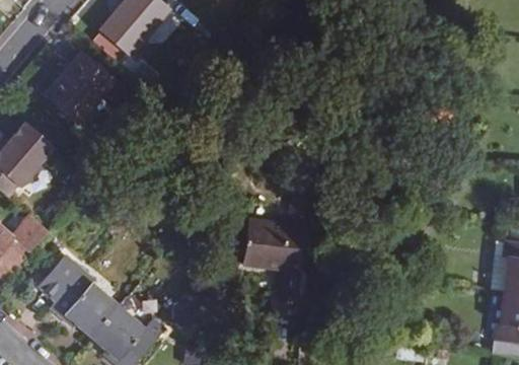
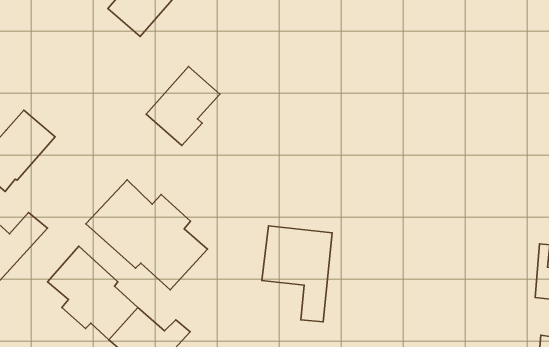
building: [46,53,113,125] -> [146,66,220,146]
building: none -> [86,180,207,290]

